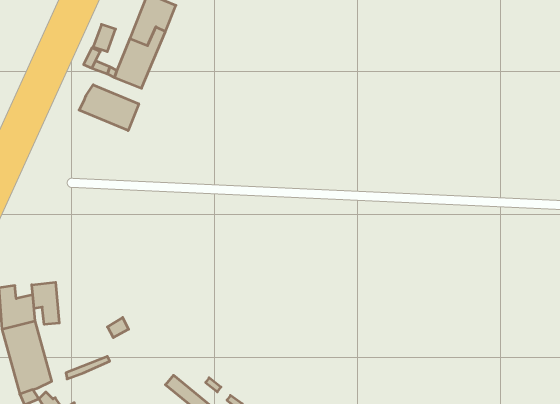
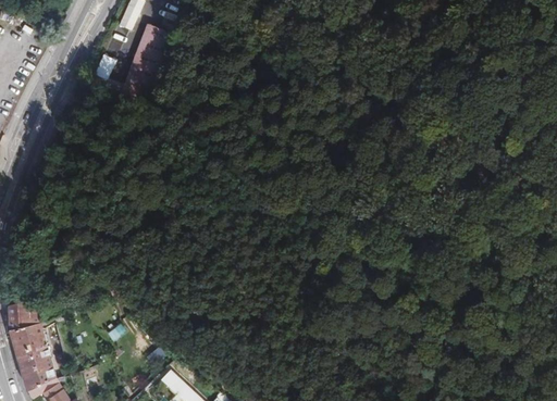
building: [79,85,139,131] -> none
building: [32,282,59,324] -> none

